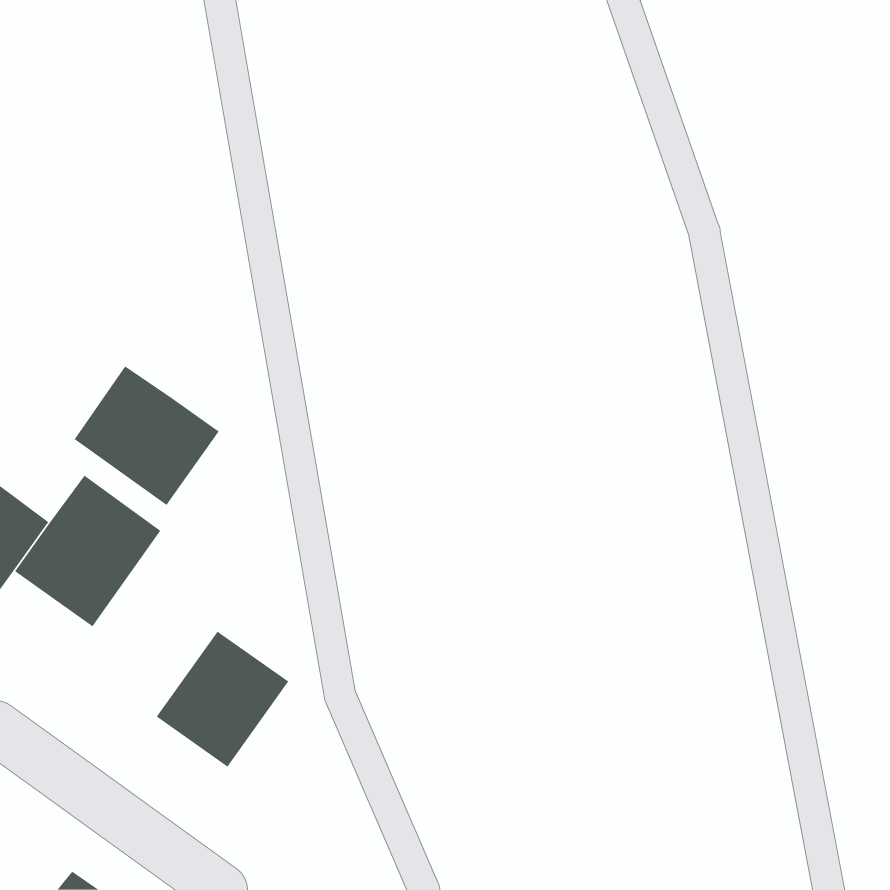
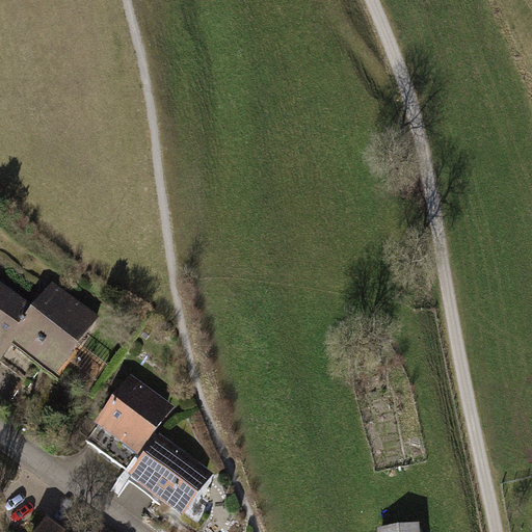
building: [74,365,220,506] -> none
building: none -> [127,433,212,515]

